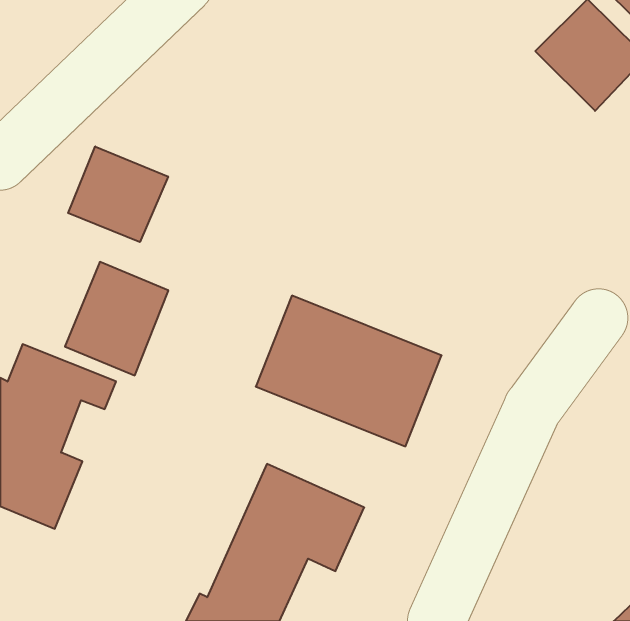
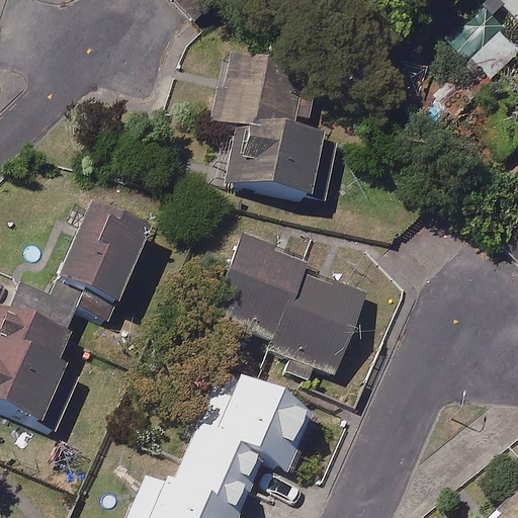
building: none -> [221,52,338,201]
building: [68,146,168,242] -> none

